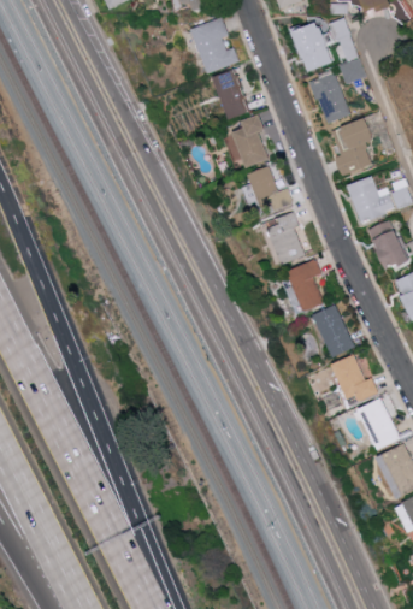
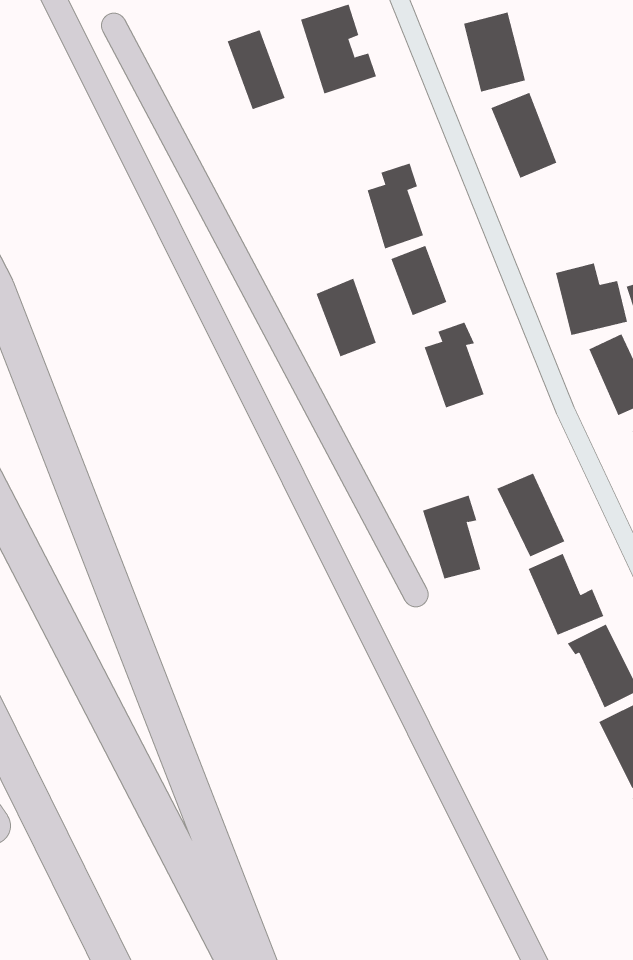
building: [213,70,249,119] -> [227,29,286,110]
building: [330,118,373,177] -> none
building: none -> [316,278,376,357]
building: [287,260,323,312] -> [422,495,481,579]

